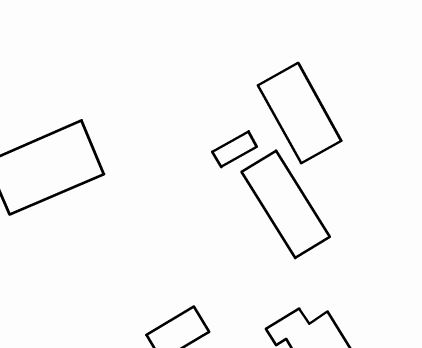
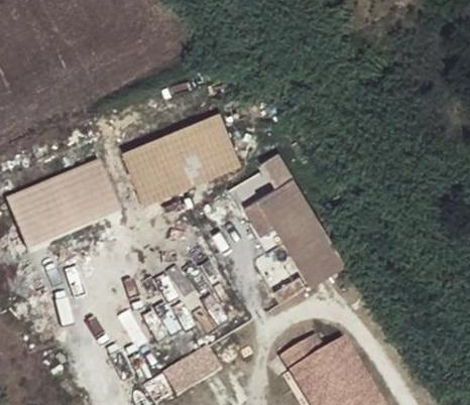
building: [258,63,341,163] -> none
building: none -> [134,116,247,202]

